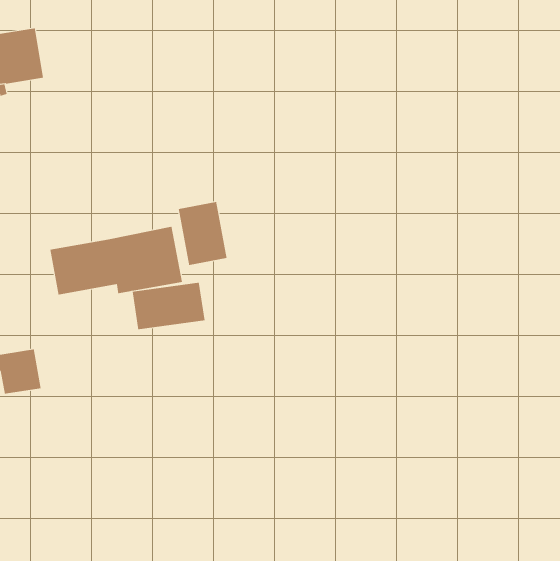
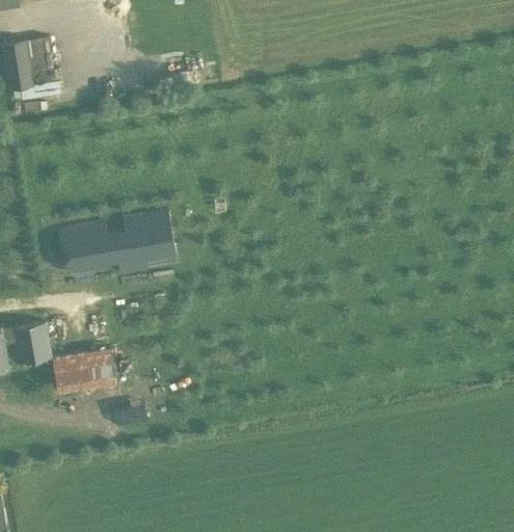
building: [178,201,227,266] -> none
building: [132,282,205,330] -> [51,349,116,392]

